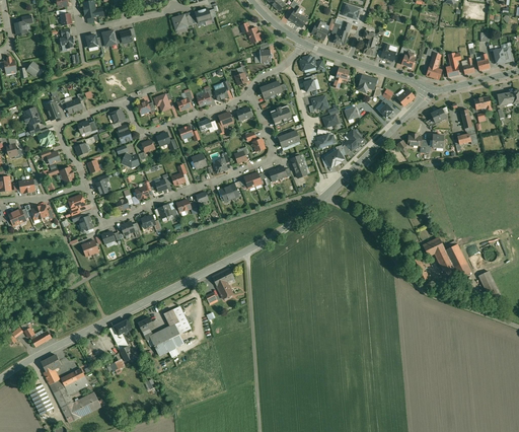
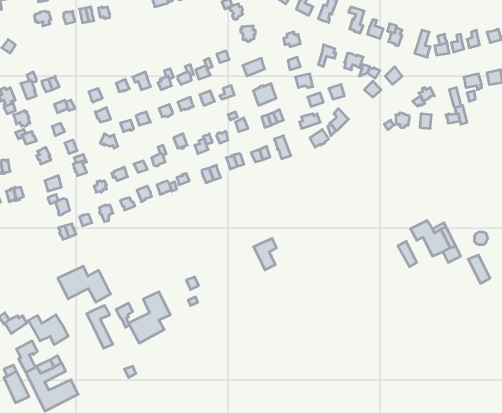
building: [212,268,234,298] -> [253,238,276,270]
building: none -> [58,266,111,302]
building: none -> [28,315,68,345]

